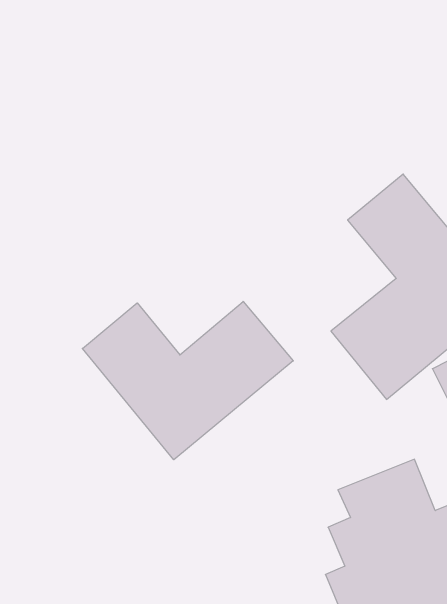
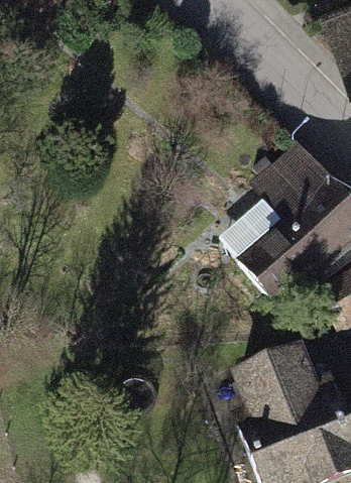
building: [82,301,293,460] -> none

